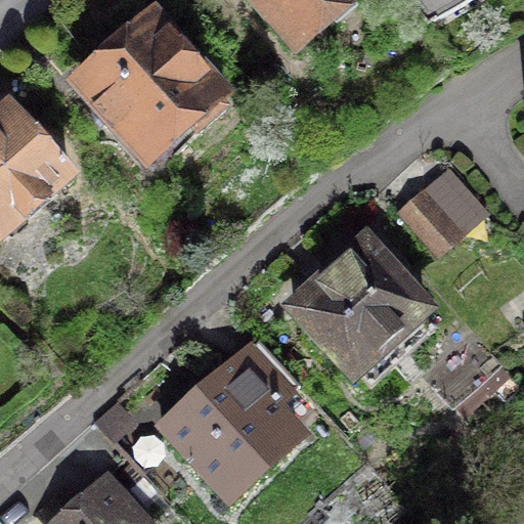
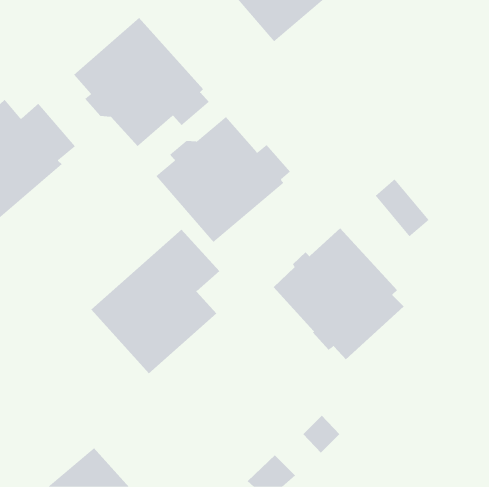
building: none -> [155,116,291,243]
building: [159,339,297,493] -> [90,229,220,374]

